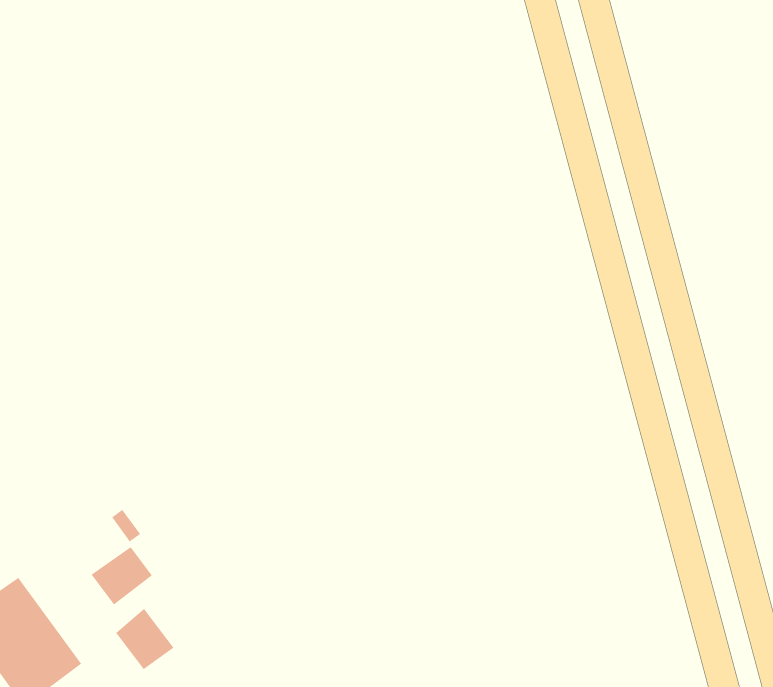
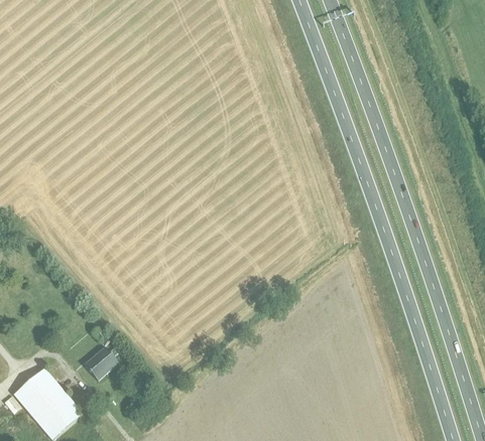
building: [115,608,174,670] -> none

